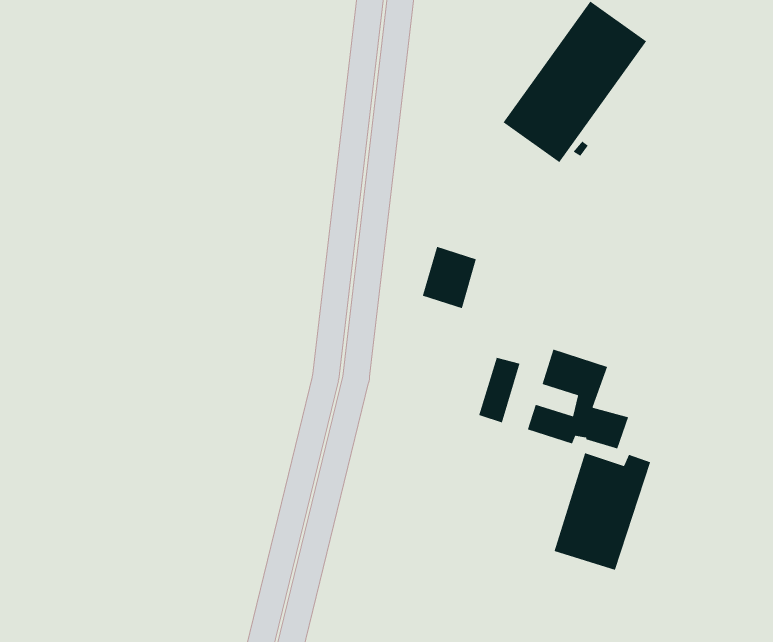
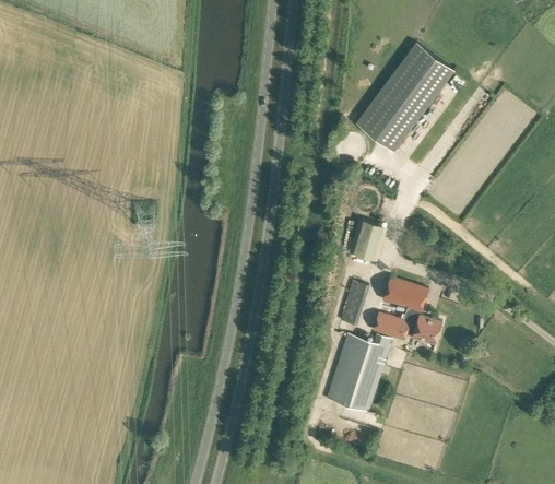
building: [422,246,477,309] -> [349,219,386,261]
building: [554,452,651,571] -> [326,333,391,413]

